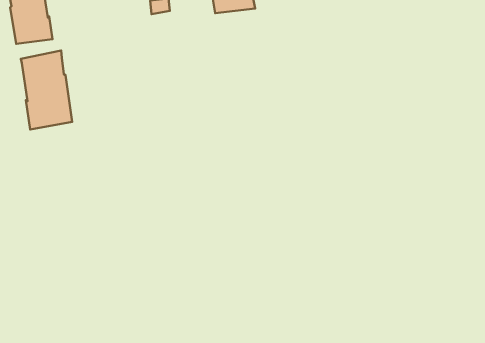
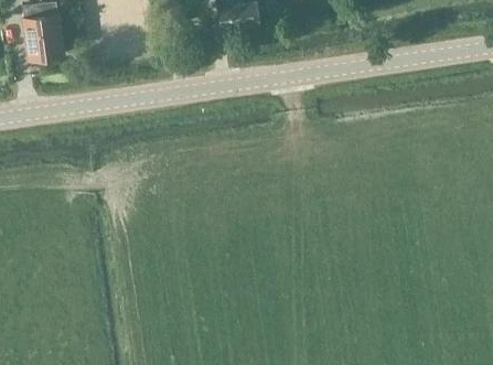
building: [21,50,72,129] -> none

